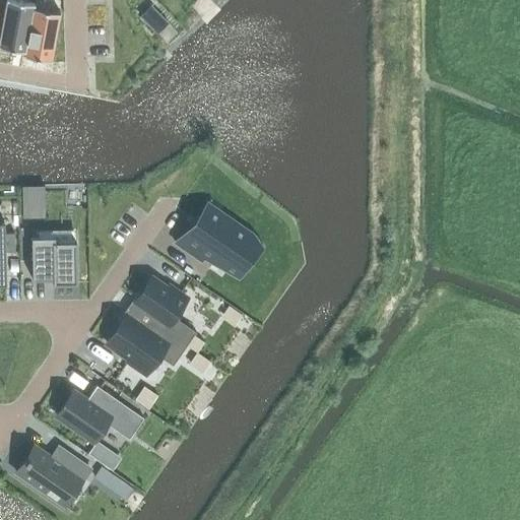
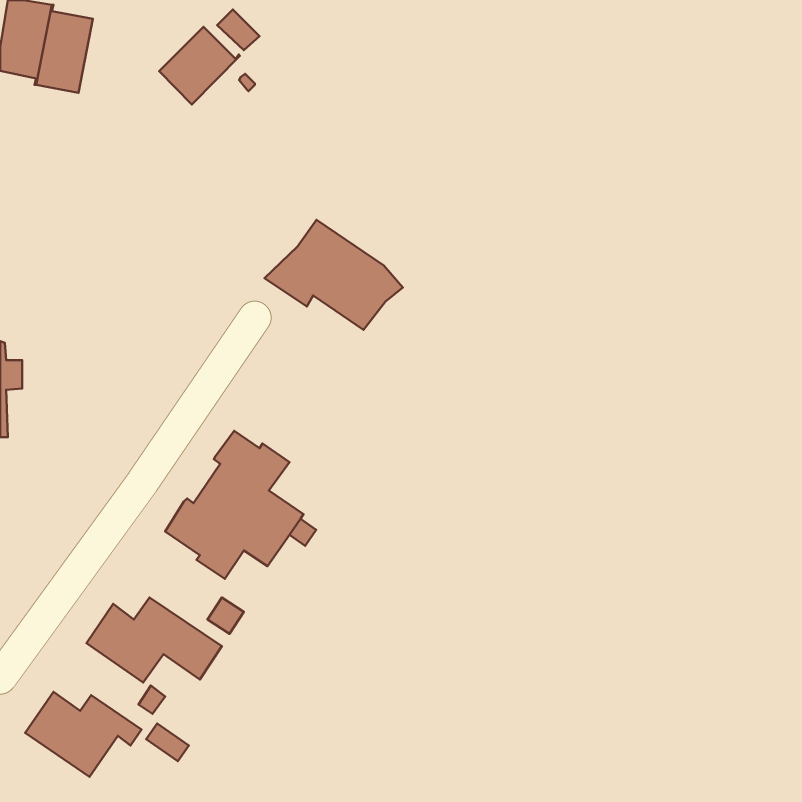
building: none -> [159,27,240,104]
building: [175,205,264,276] -> [264,220,403,330]
building: [31,238,77,284] -> none

